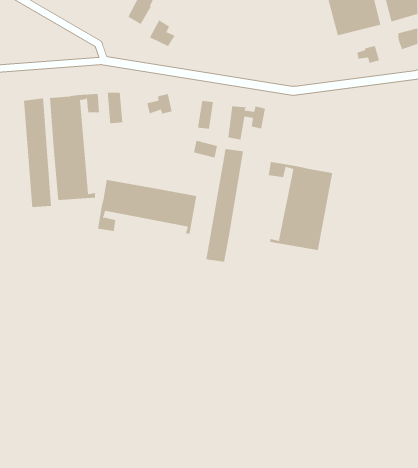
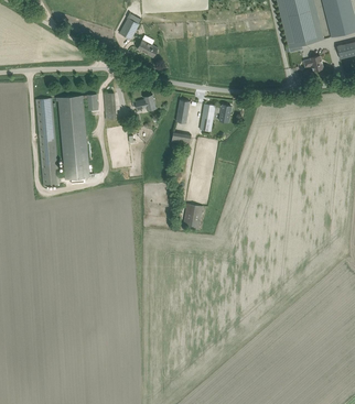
building: [268,161,333,251] -> none
building: [97,179,197,234] -> none

